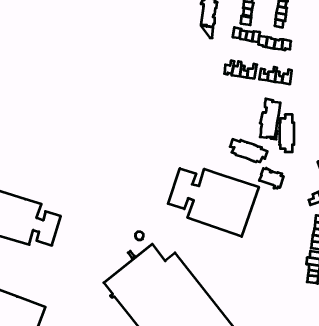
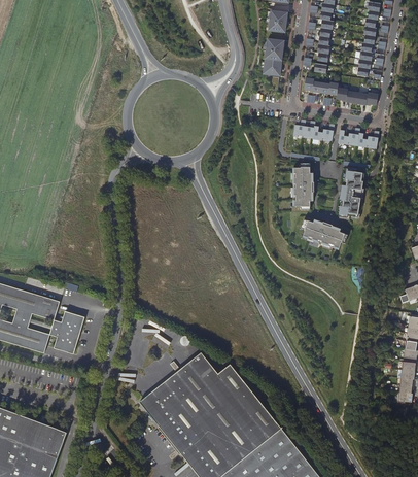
building: [279,115,294,152] -> [293,163,312,210]
building: [259,168,283,188] -> none
building: [168,168,259,237] -> none

